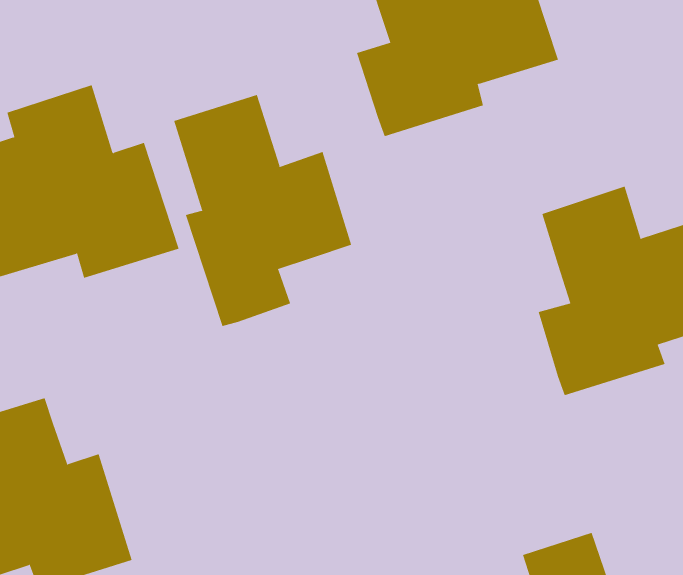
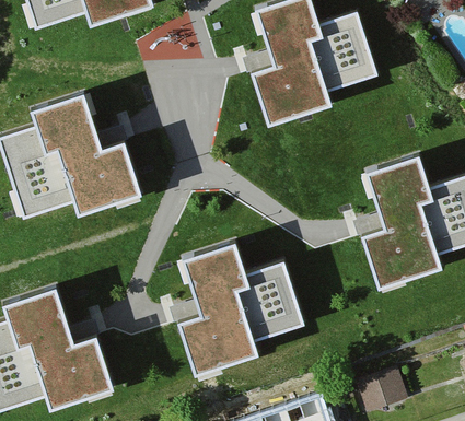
building: [173,94,352,327] -> none
building: none -> [178,243,304,374]

